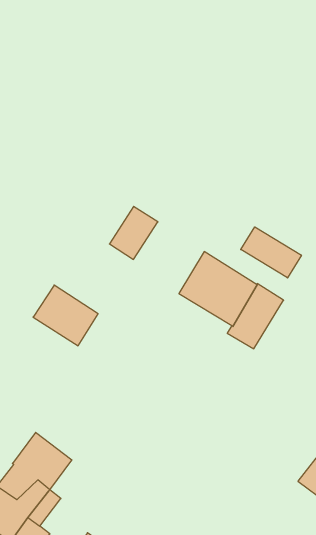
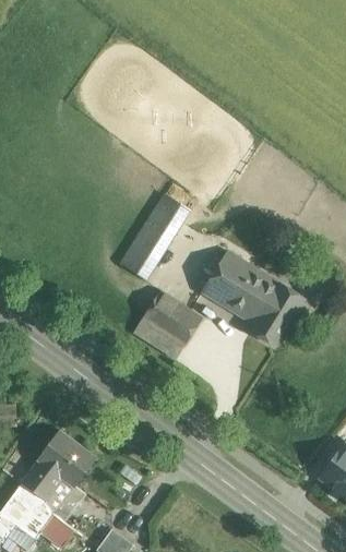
building: [241,227,301,278] -> none
building: none -> [119,243,156,279]
building: [33,285,98,346] -> [138,289,202,349]

